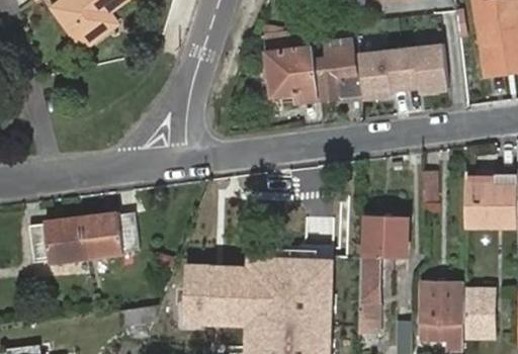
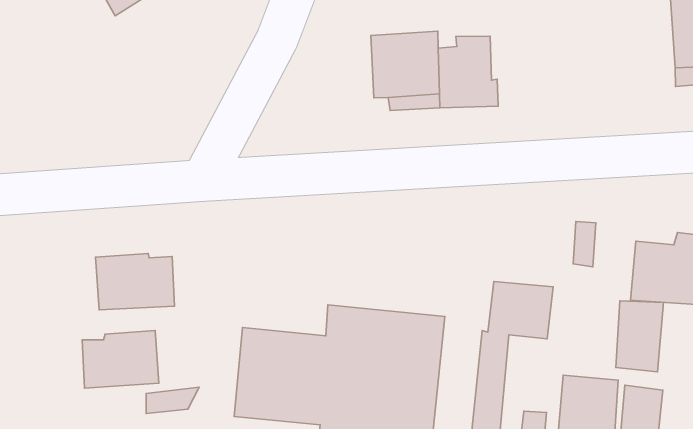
building: [356,45,447,102] -> none
building: [28,220,85,265] -> [82,330,159,388]
building: none -> [616,301,664,372]

